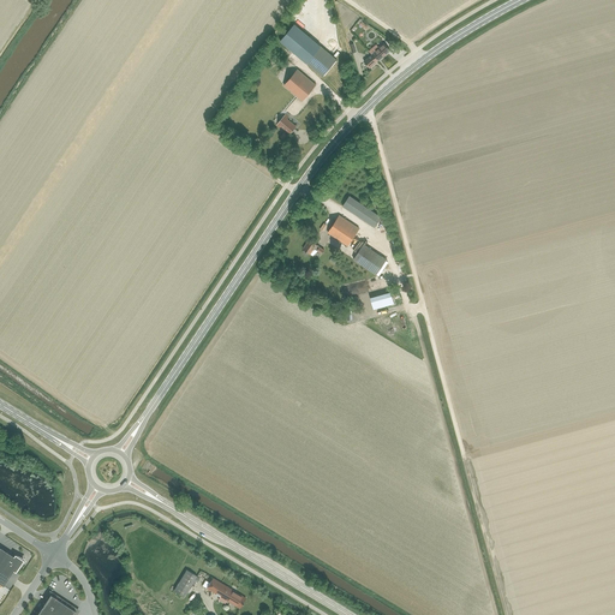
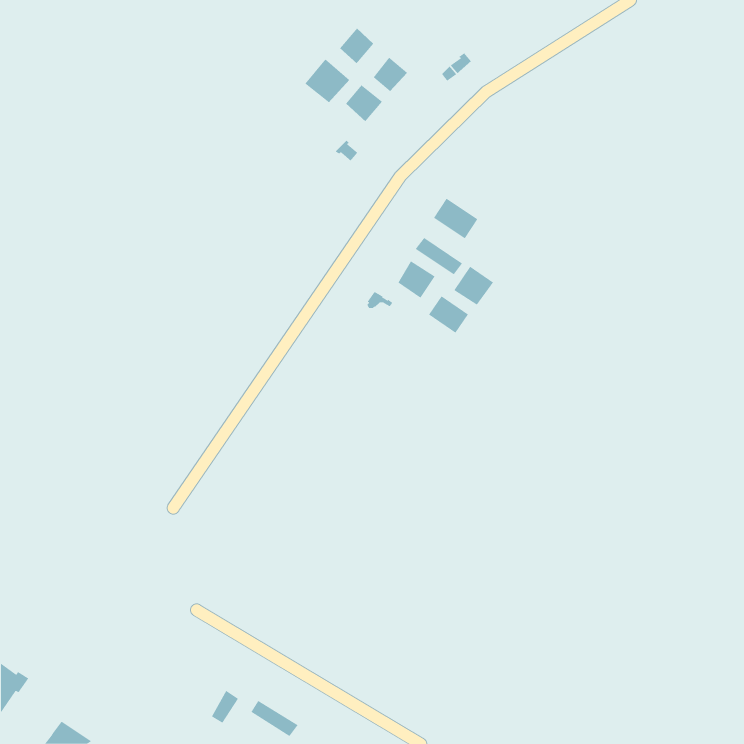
building: none -> [305,59,350,103]
building: none -> [433,198,478,239]
building: none -> [454,266,494,305]

